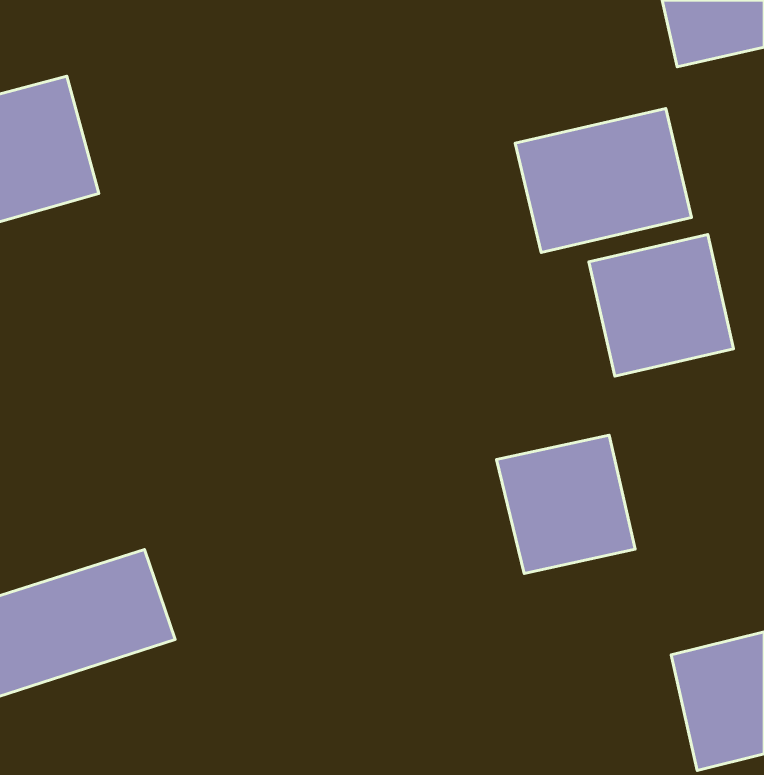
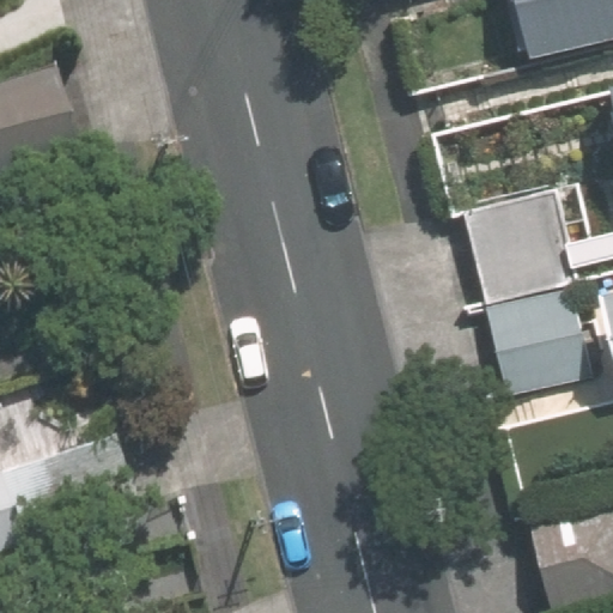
building: [515,108,691,252] -> none
building: [497,435,635,574] -> [481,286,590,395]

